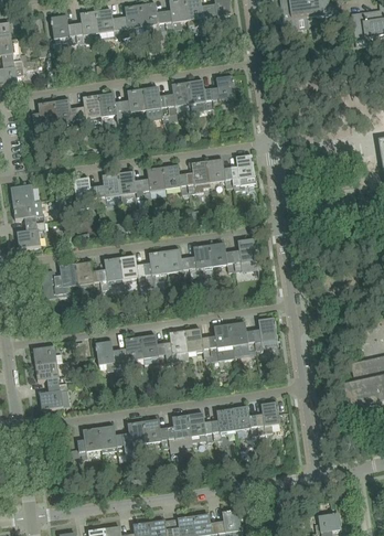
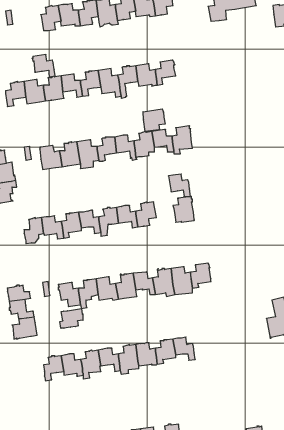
building: [50,15,77,42] -> [32,55,55,77]
building: none -> [143,109,165,132]
building: [209,243,235,269] -> [168,174,191,196]
building: none -> [60,308,83,328]
building: [255,401,279,432] -> none

